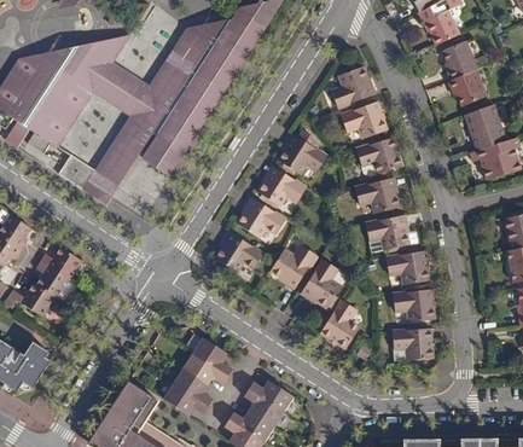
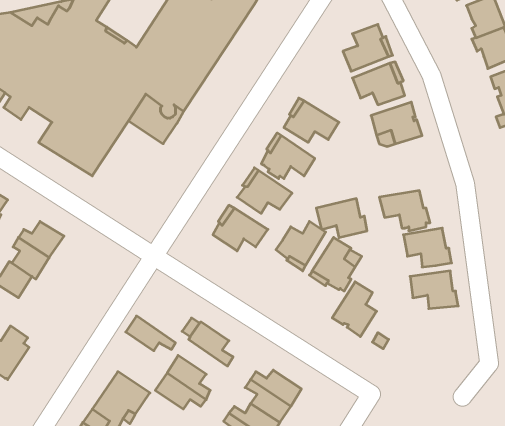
building: [354,178,400,213] -> [316,199,367,238]
building: [393,327,432,361] -> none
building: [182,350,227,382] -> [126,316,175,351]

